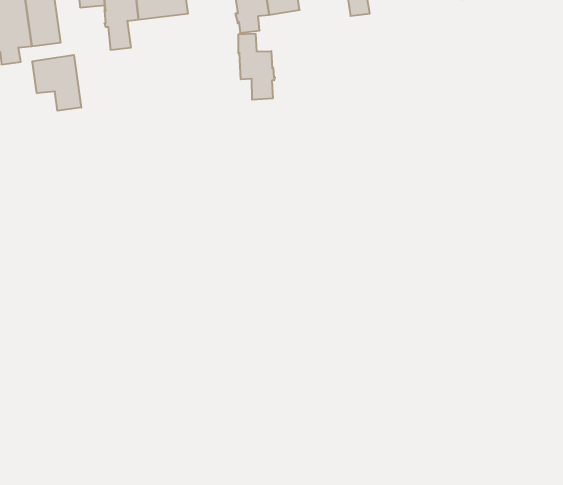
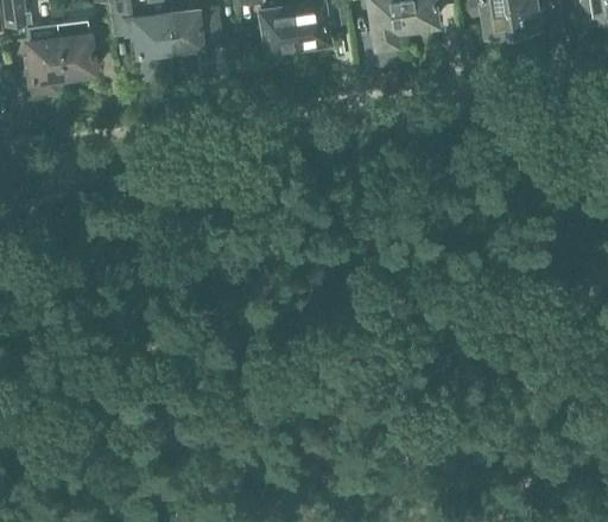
building: [238,34,275,100] -> none
building: [32,55,81,111] -> none

